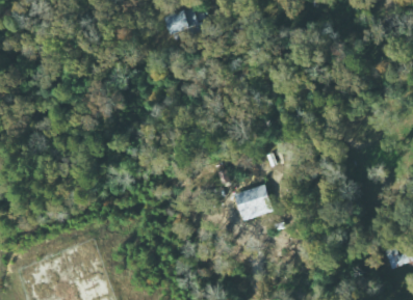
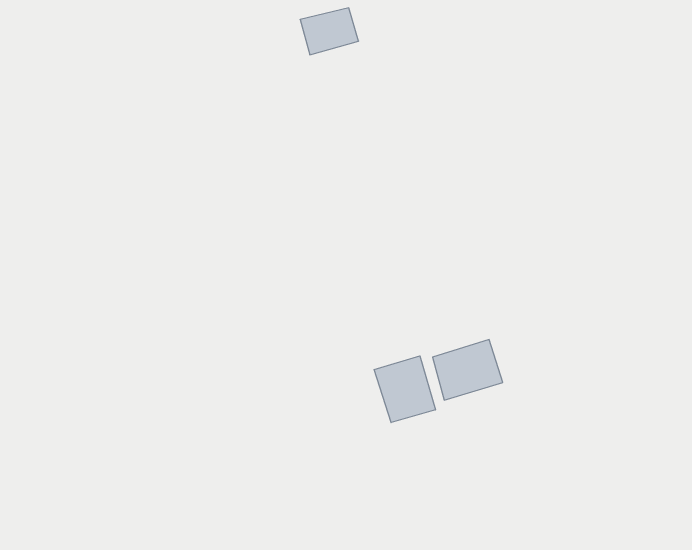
building: none -> [374,356,435,423]

